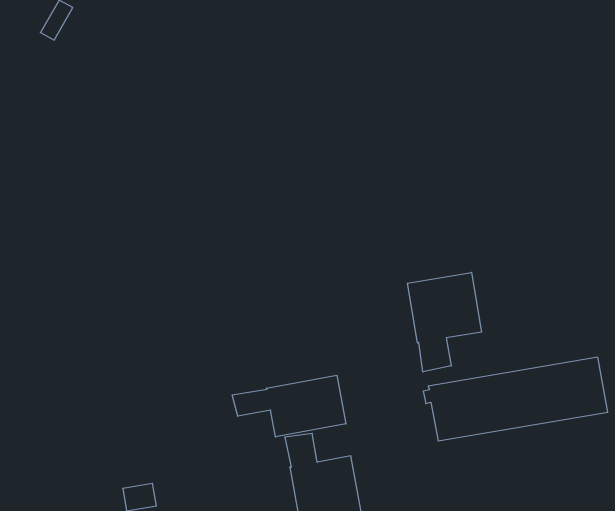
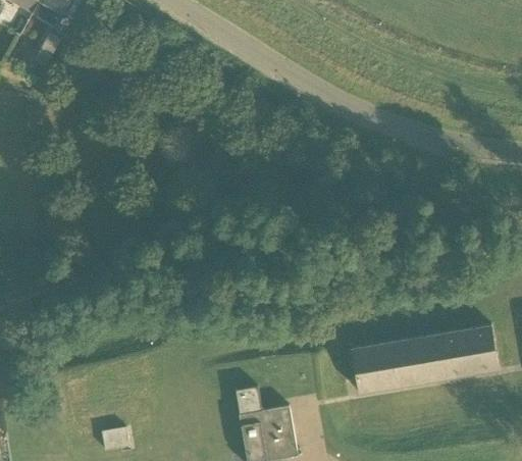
building: [407,272,482,372] -> none
building: [232,375,346,437] -> none

